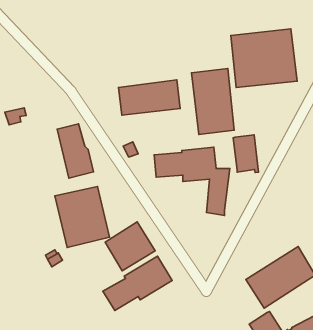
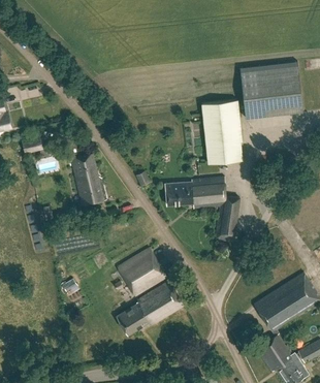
building: [119,80,180,115] -> none
building: [233,135,259,172] -> none
building: [55,186,110,248] -> none

